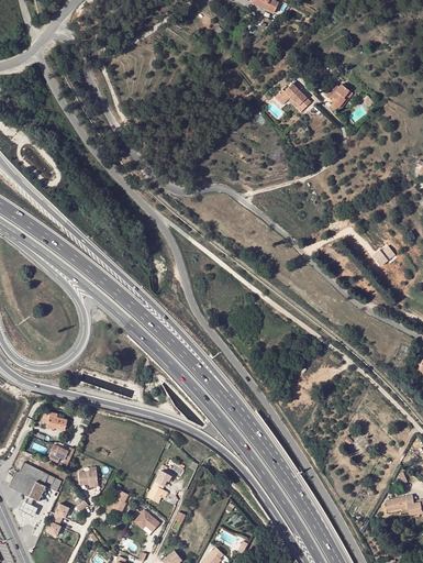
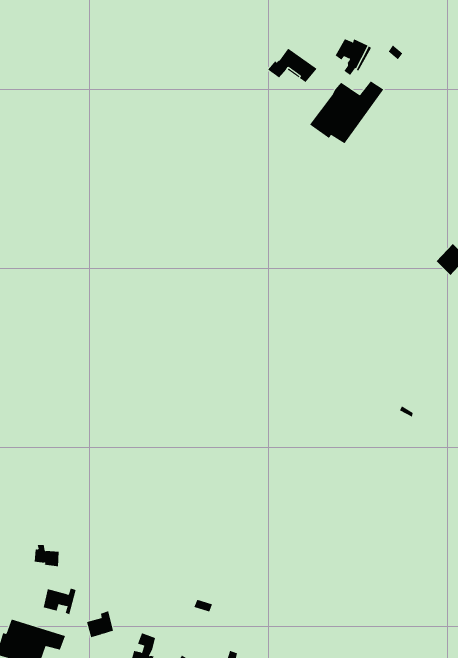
building: none -> [309,80,384,144]

